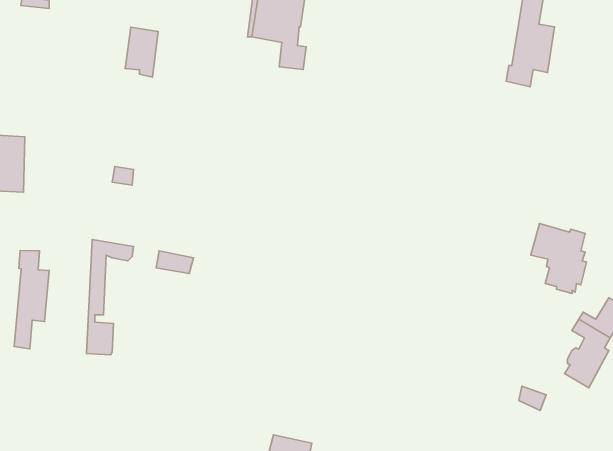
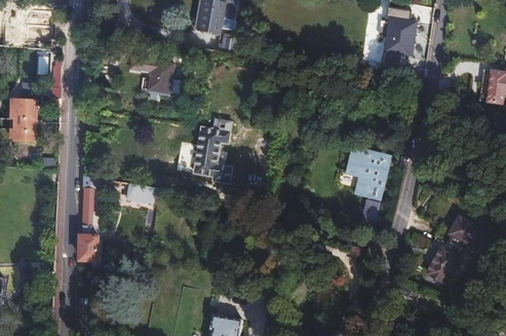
building: [125,27,158,77] -> [146,61,169,97]
building: none -> [194,127,231,183]
building: [531,224,587,294] -> [347,149,387,199]
building: [14,251,49,349] -> none

